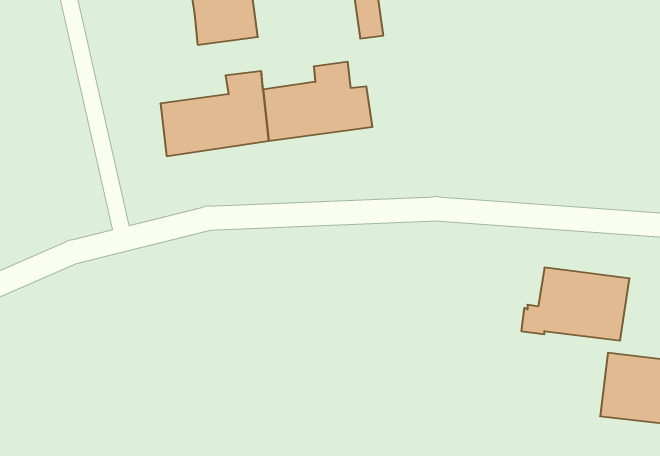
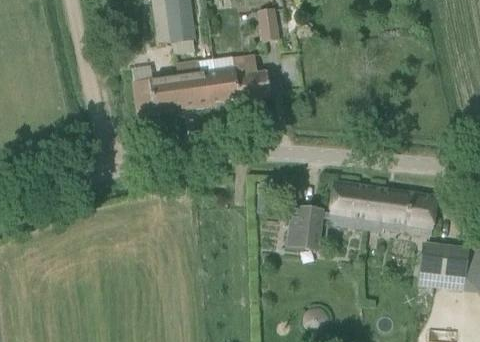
building: none -> [328,181,382,229]
building: none -> [284,205,324,248]

